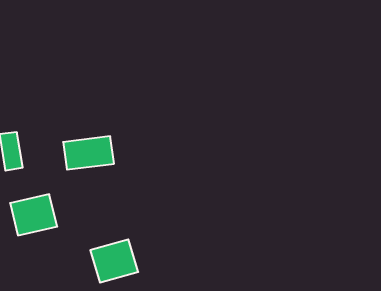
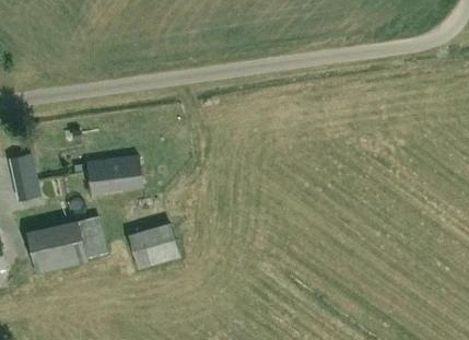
building: none -> [77,216,106,258]
building: [90,239,138,283] -> [126,222,179,270]

